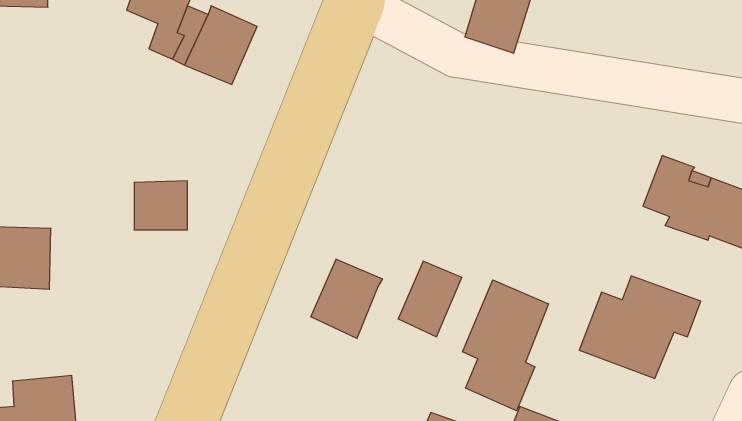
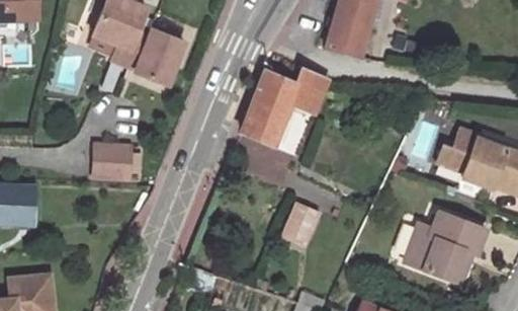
building: none -> [240,66,328,146]
building: [311,259,382,339] -> none
building: [463,280,549,411] -> none

